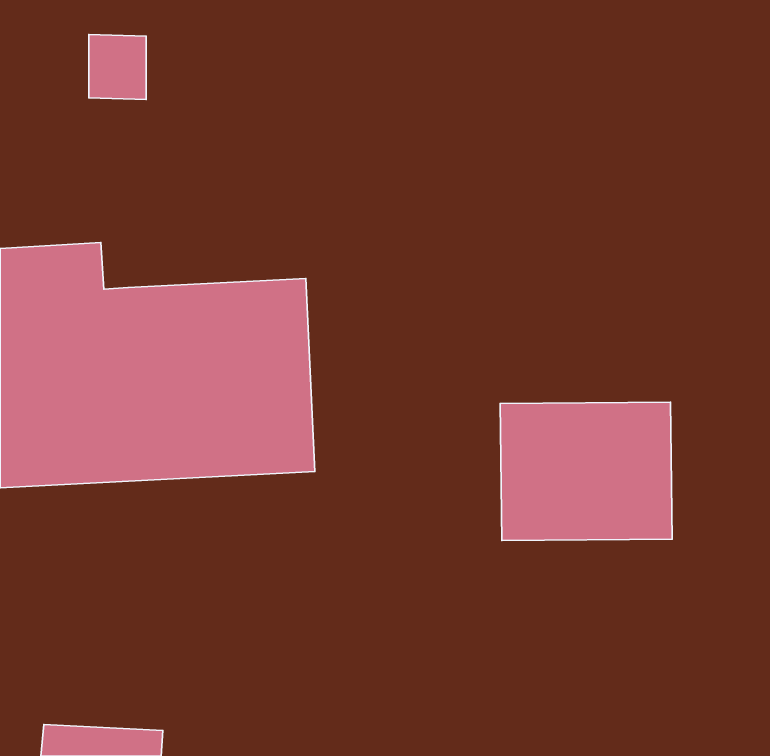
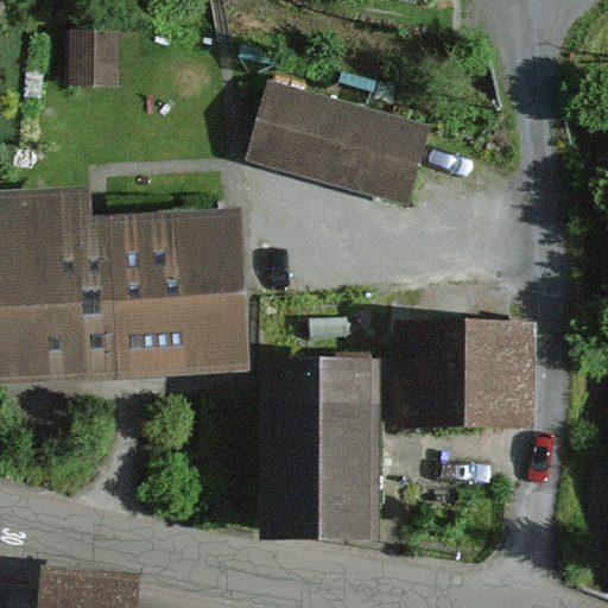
building: none -> [252,77,429,196]
building: none -> [265,363,381,543]

